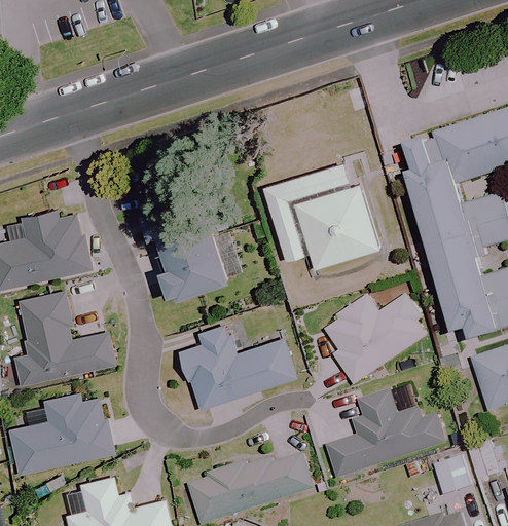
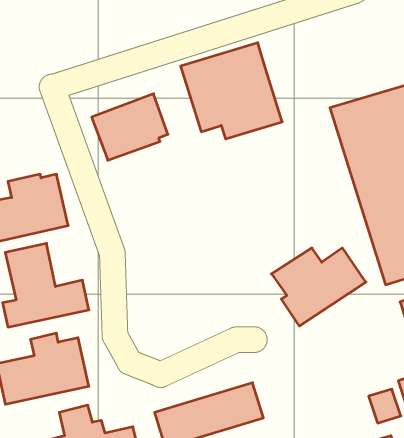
building: [262,160,378,270] -> [181,43,282,139]
building: [153,227,241,303] -> [92,94,168,160]
building: [180,326,296,411] -> none
building: [327,390,445,479] -> none

